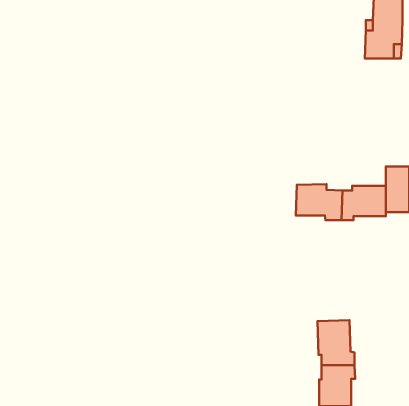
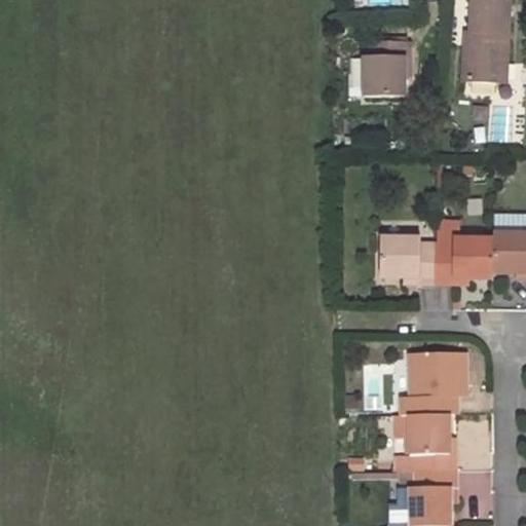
building: none -> [363,43,409,97]
building: none -> [398,351,463,412]

